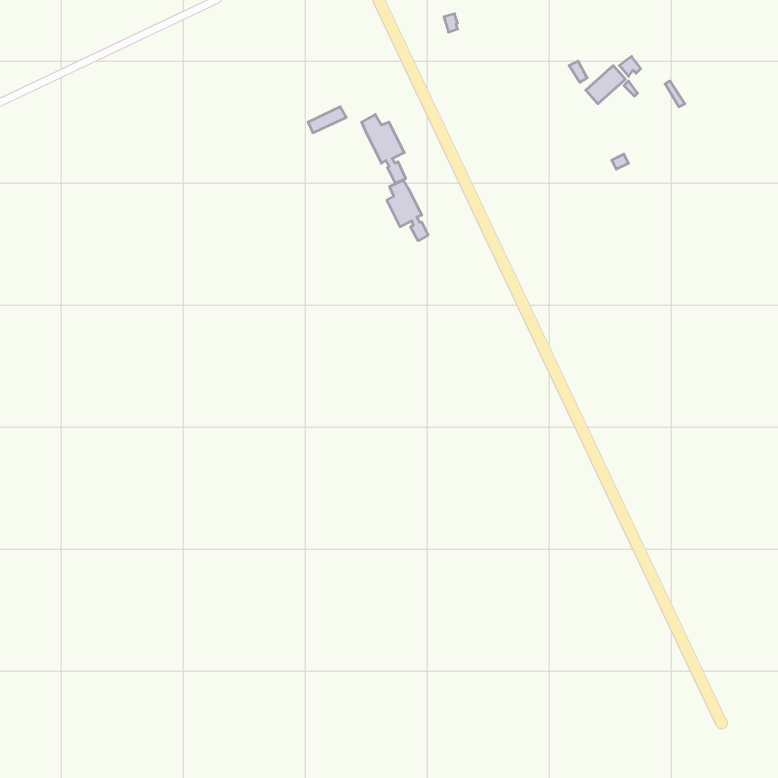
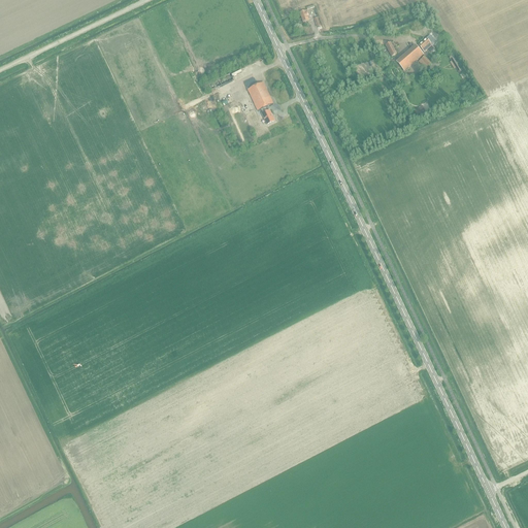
building: [387,180,428,241] -> none

